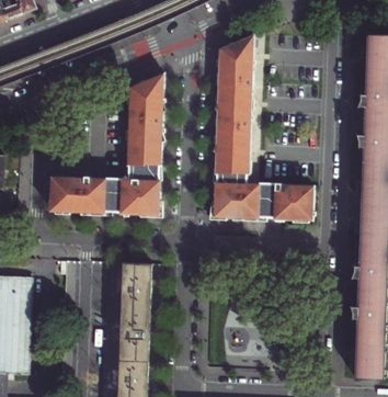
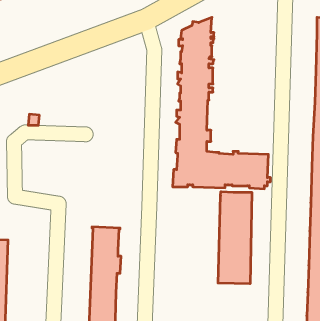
building: [48,72,167,217] -> none
building: none -> [218,192,252,284]

